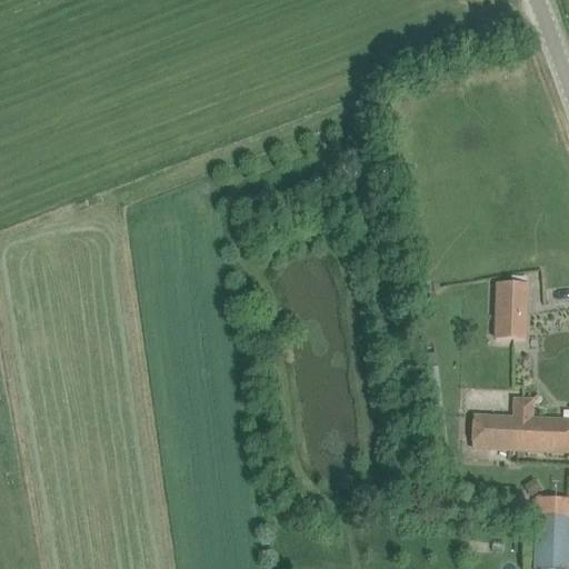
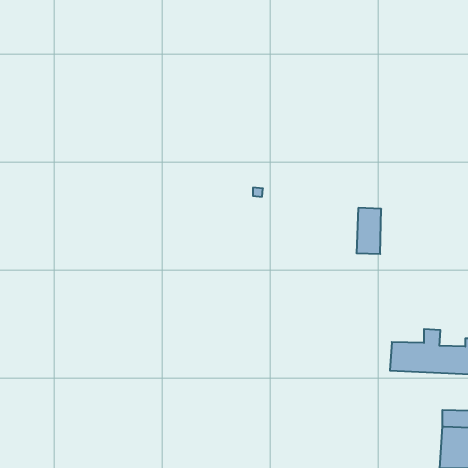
building: [497,283,527,339] -> [356,208,381,254]

